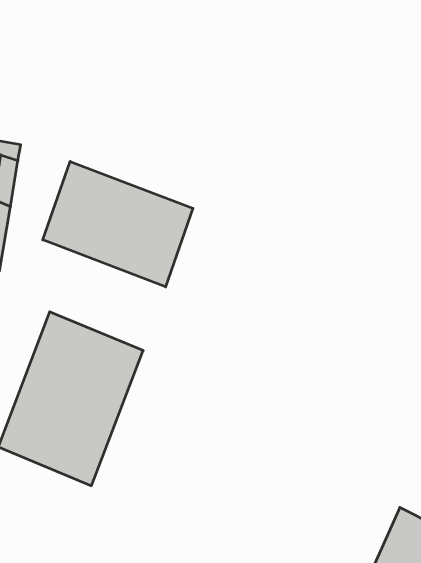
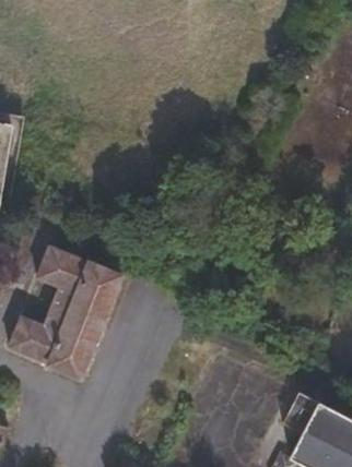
building: [43,161,193,287] -> none

